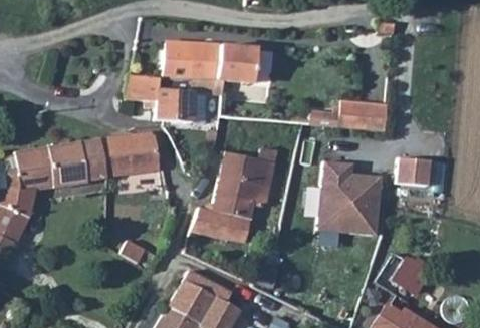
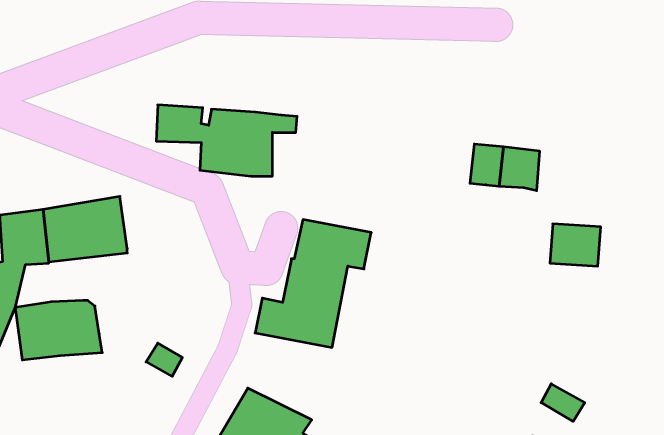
building: [166,42,259,86] -> none
building: [102,132,163,174] -> [15,300,102,360]
building: [318,161,381,237] -> none

